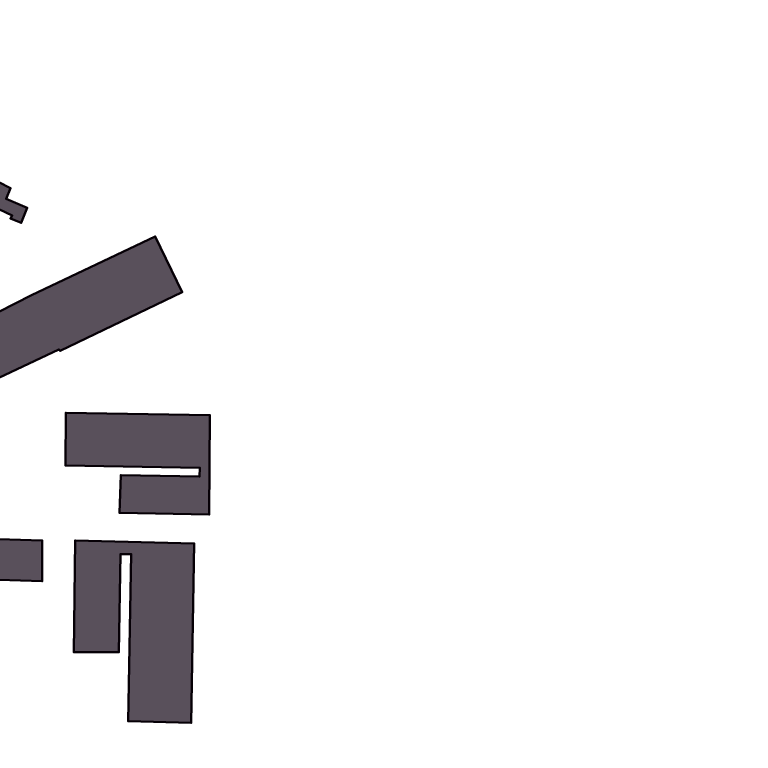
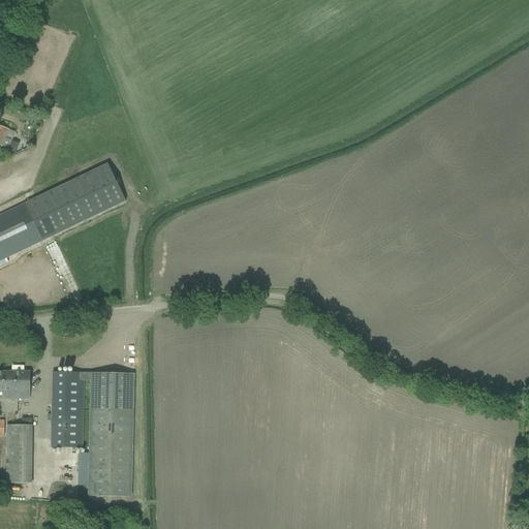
building: [65,413,210,515] -> none
building: none -> [6,425,31,483]

